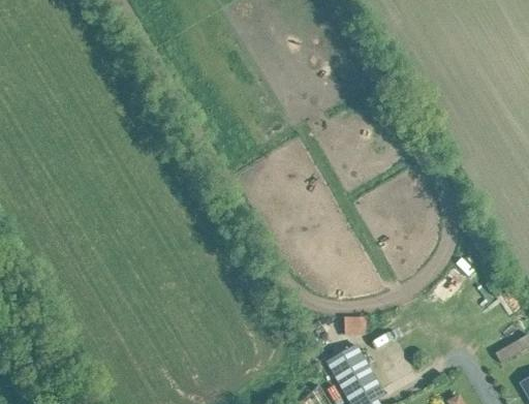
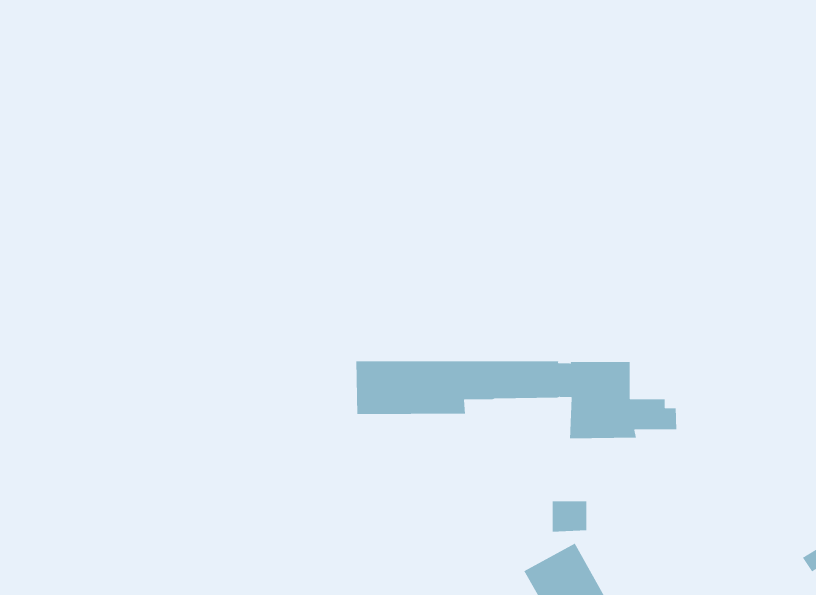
building: none -> [355,360,677,439]

